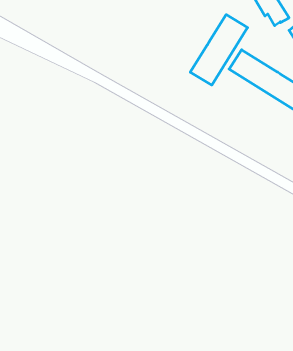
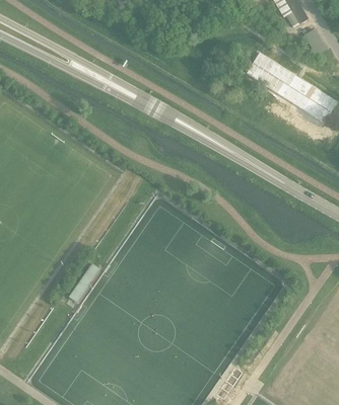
building: [190,15,248,85] -> none

